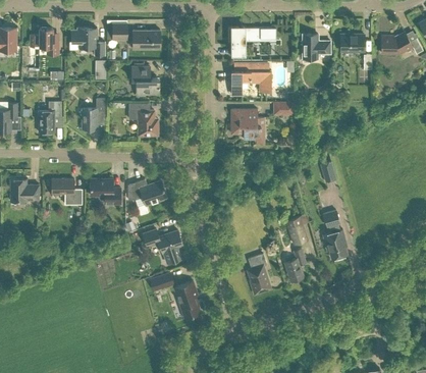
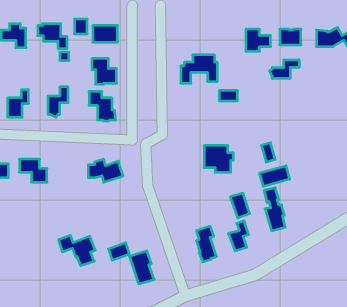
building: [227,26,275,56] -> none
building: none -> [270,60,299,79]
building: [230,110,263,140] -> [204,146,233,172]
building: [90,179,120,204] -> none
building: none -> [260,166,290,186]
building: [143,229,183,263] -> [59,235,95,266]

